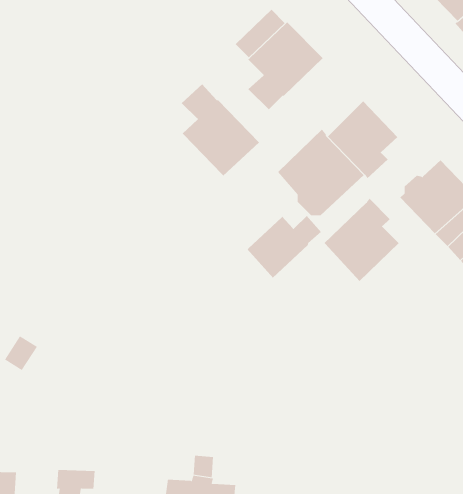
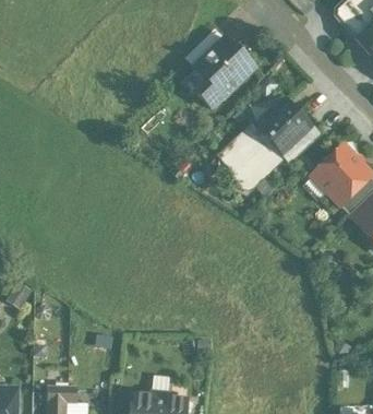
building: [181,84,260,176] -> none
building: [323,198,400,282] -> none
building: [247,215,322,278] -> none

